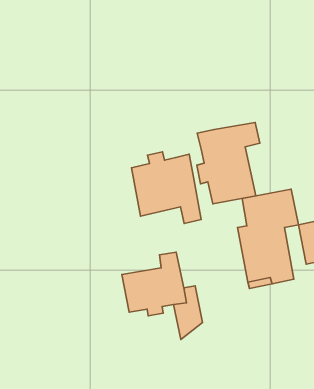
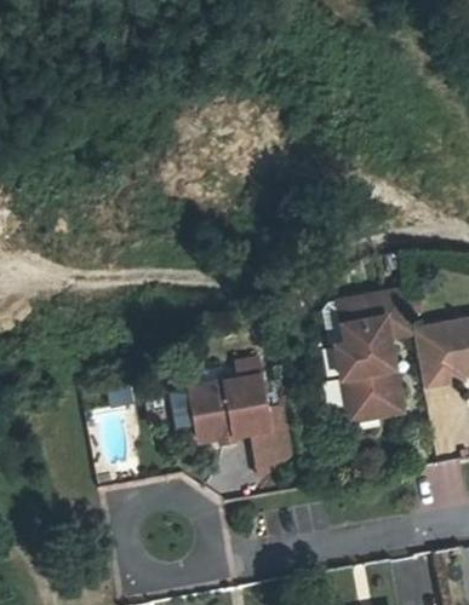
building: [197,122,260,204] -> none
building: [131,152,201,223] -> none

